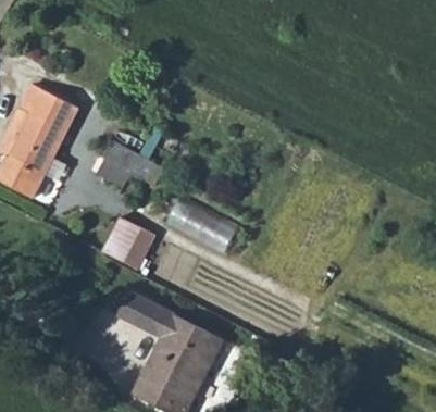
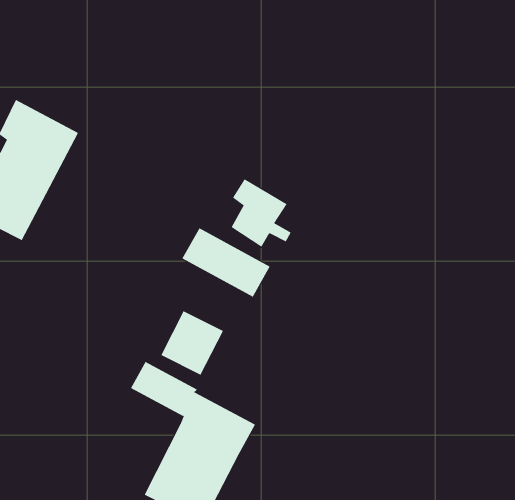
building: [97,138,146,193] -> [231,179,291,247]
building: [96,210,147,262] -> [160,311,224,375]

